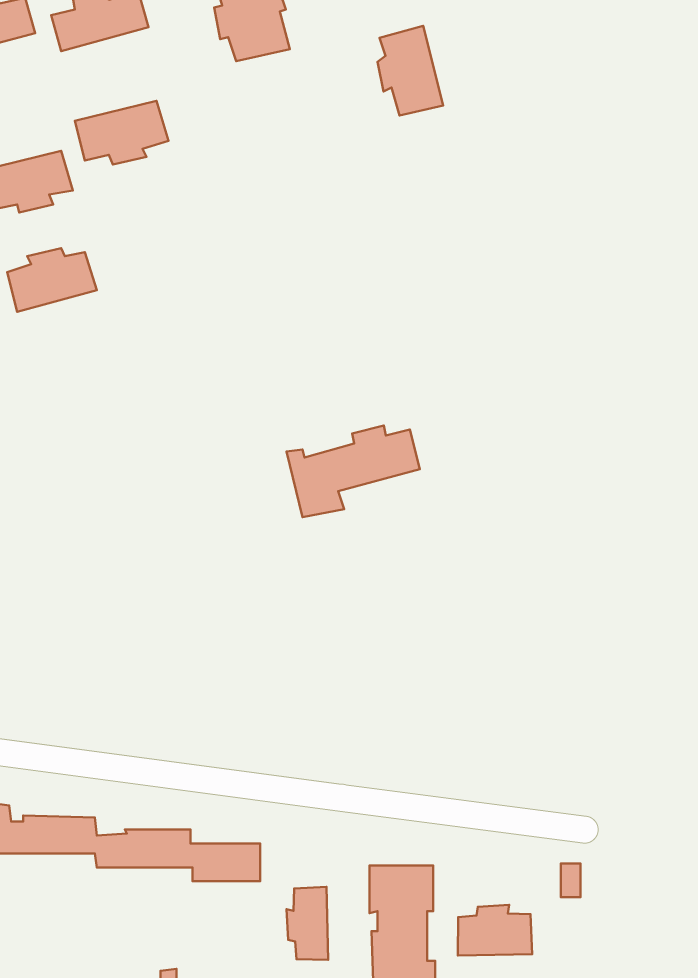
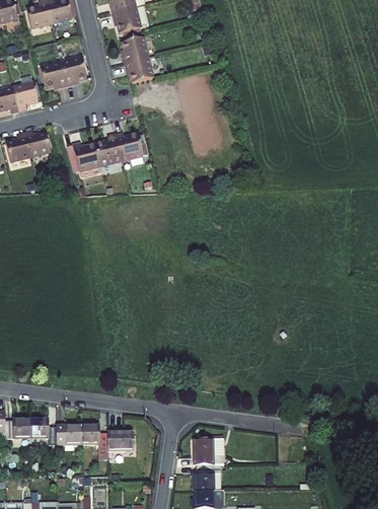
building: [377,26,443,116] -> [119,41,152,86]
building: [286,426,420,517] -> [75,135,143,181]
building: [286,887,328,960] -> none
building: [458,905,532,956] -> none

